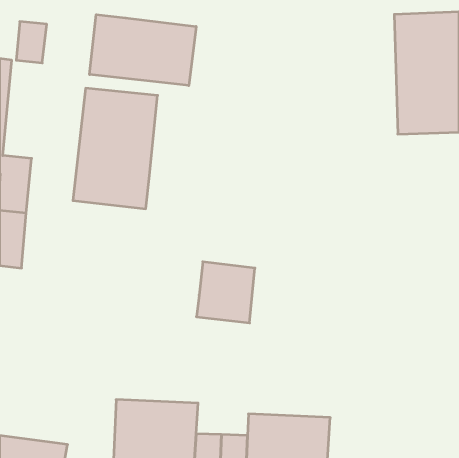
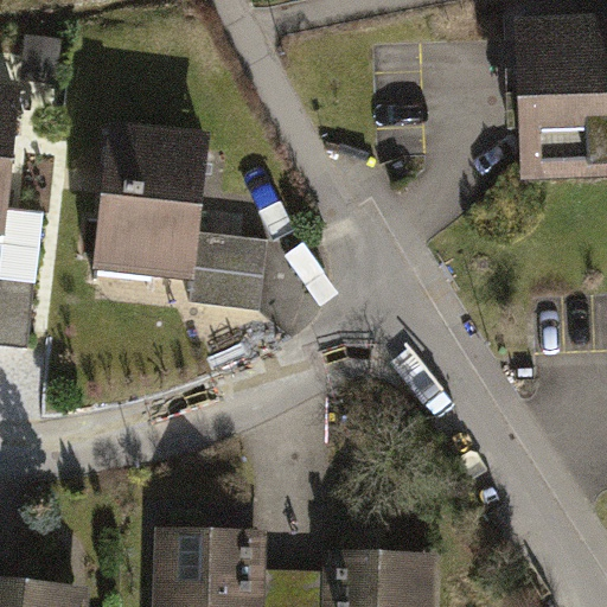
building: [90,15,196,86] -> none
building: [196,262,255,323] -> [189,234,266,314]

